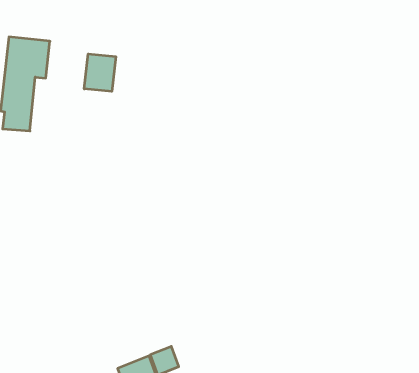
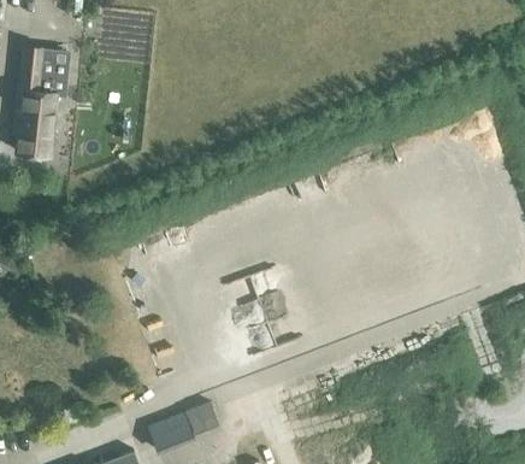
building: [84,54,116,91] -> none

